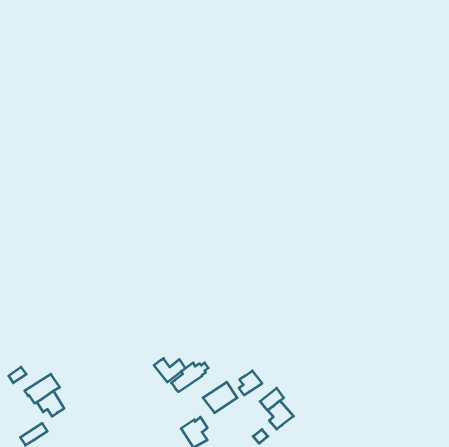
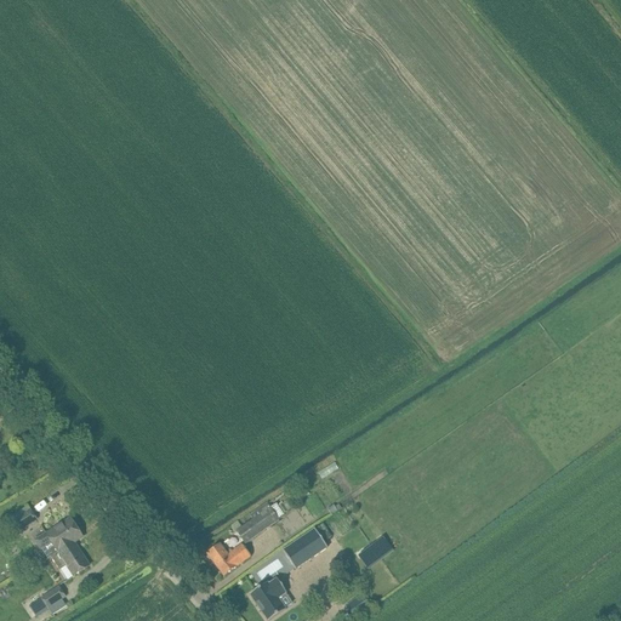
building: [154,358,186,382] -> [206,541,250,574]
building: [239,371,262,395] -> none
building: [268,401,294,429] -> none

